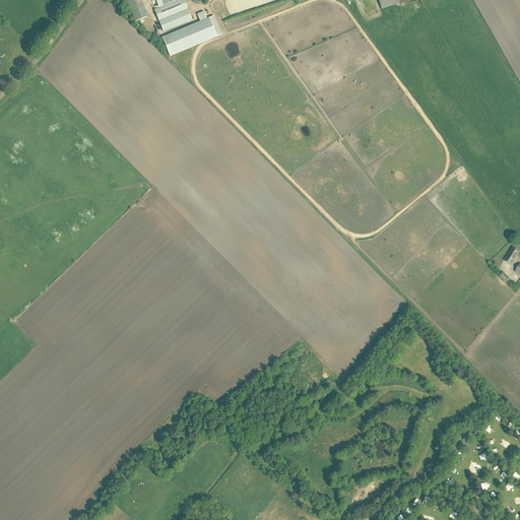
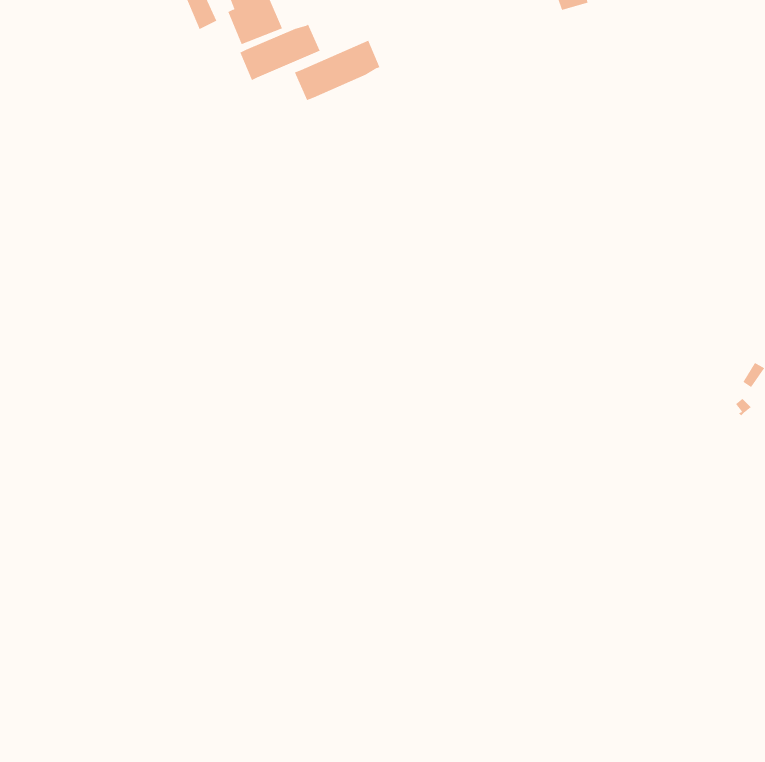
building: none -> [294,40,380,101]

